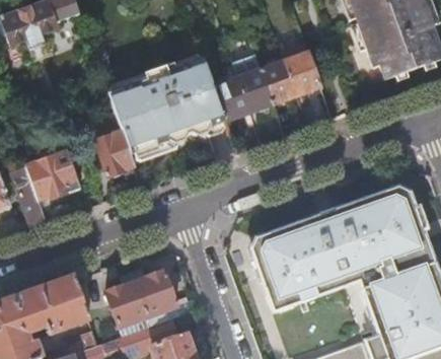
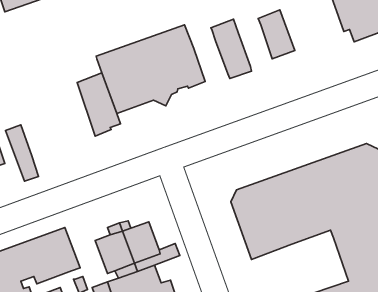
building: [261,59,297,103] -> none
building: [213,64,249,120] -> none
building: [25,143,80,200] -> none

